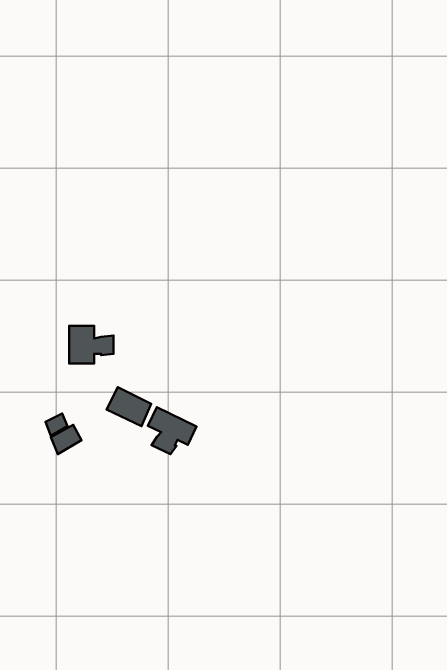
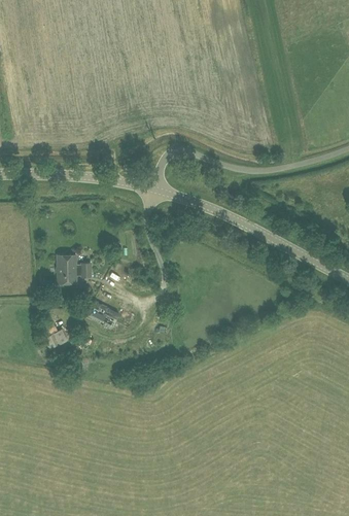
building: [148,407,197,454] -> none

